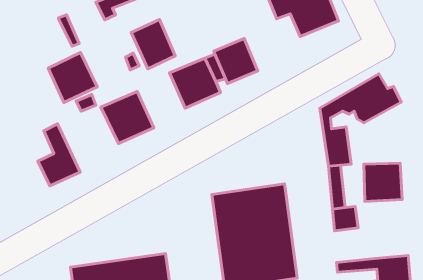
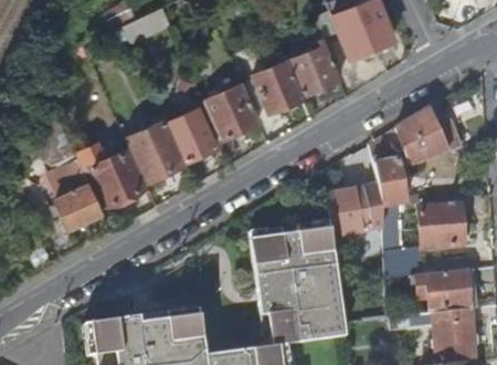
building: none -> [286,38,341,97]
building: [131,20,175,69] -> [167,108,216,164]
building: [48,52,97,102] -> [89,150,145,207]
building: none -> [327,188,369,234]
building: none -> [420,269,478,311]

